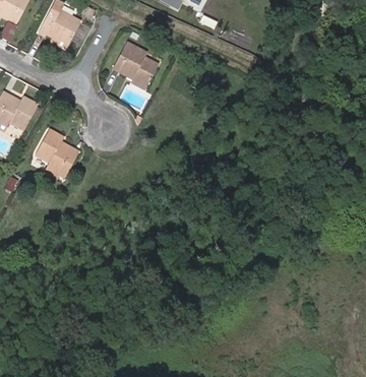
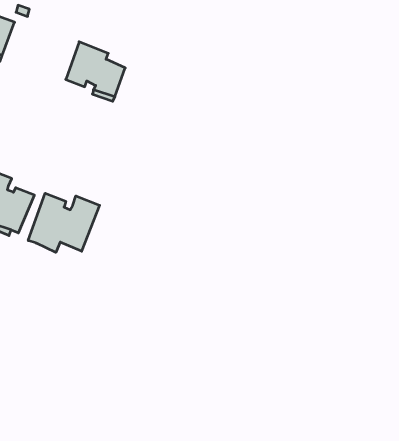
building: none -> [28,193,100,252]

